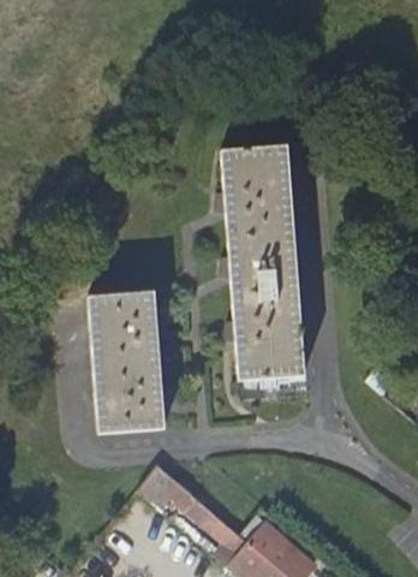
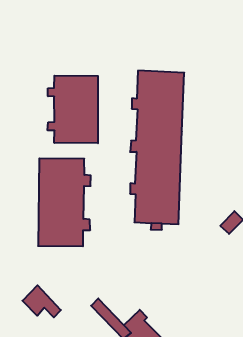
building: none -> [48,76,98,143]
building: [136,465,195,511] -> [22,285,61,317]

